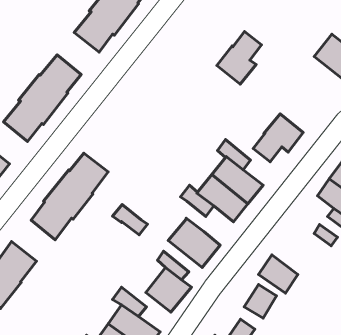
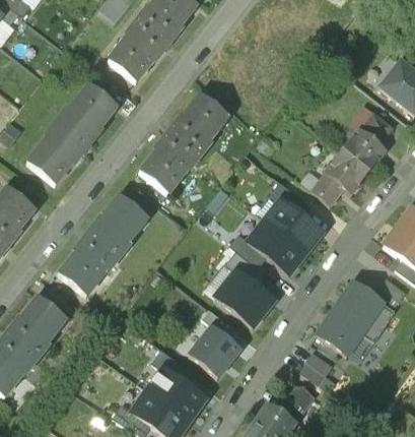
building: [217,32,262,84] -> [342,112,393,172]
building: none -> [140,92,228,192]
building: [112,205,147,235] -> [225,250,265,285]
building: none -> [333,282,396,341]

